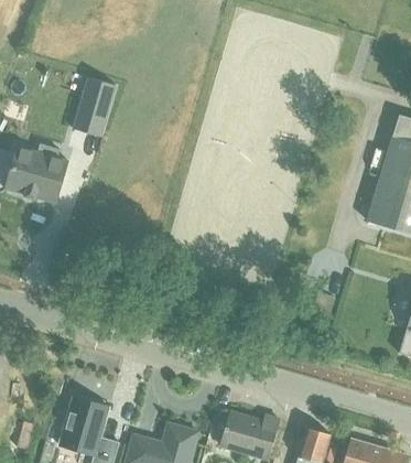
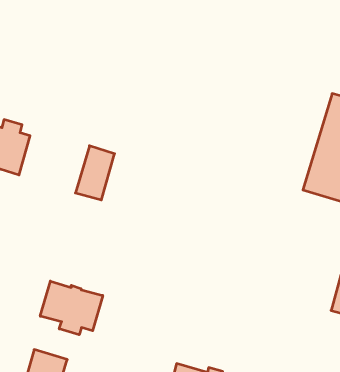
building: [73,76,116,136] -> [75,146,115,200]
building: none -> [40,281,103,335]

